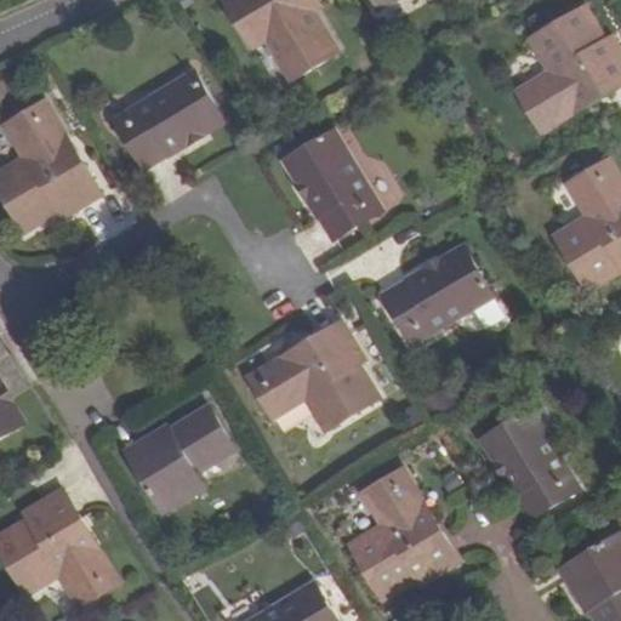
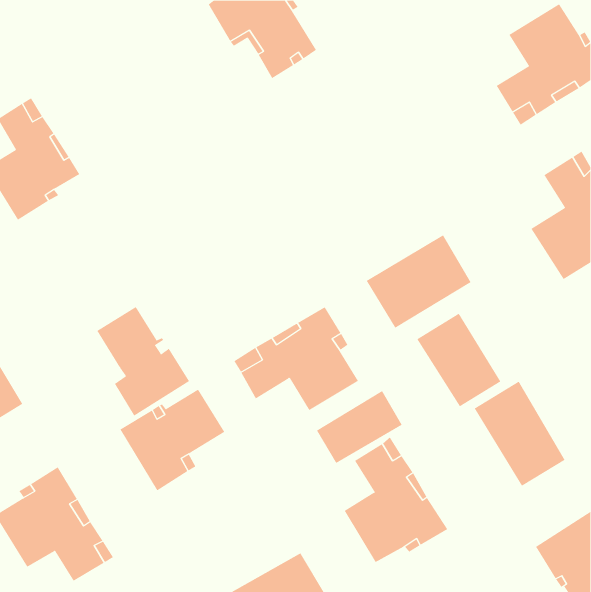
building: [110,70,221,170] -> none
building: [289,126,386,235] -> none
building: none -> [96,306,190,417]
building: none -> [416,313,501,407]
building: none -> [316,390,402,464]

